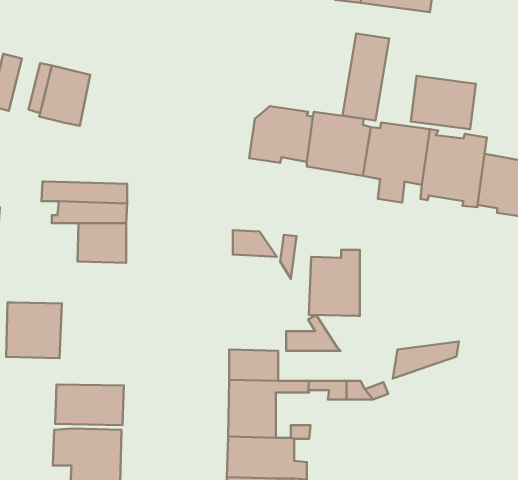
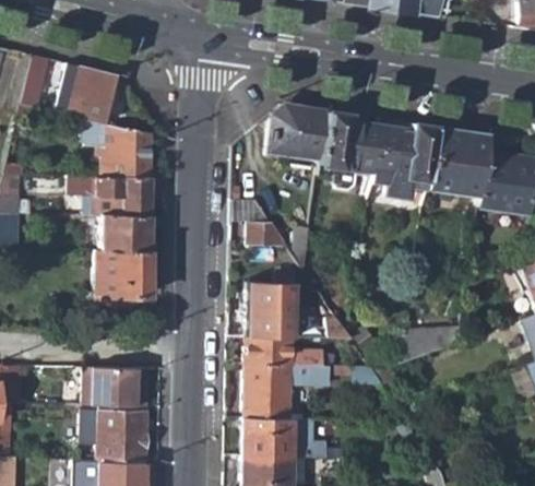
building: [343,33,389,120] -> none
building: [411,76,476,129] -> none
building: none -> [73,120,152,178]
building: [309,250,360,316] -> [247,273,295,335]
building: [6,302,62,358] -> [97,251,150,304]

